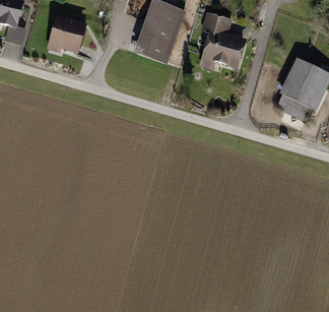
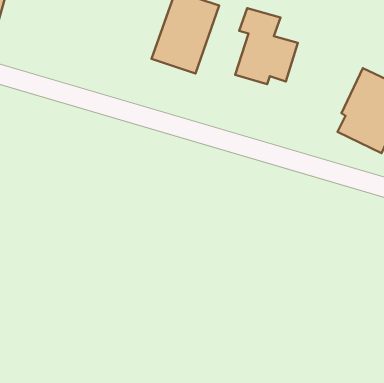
building: [47,14,86,52] -> none

